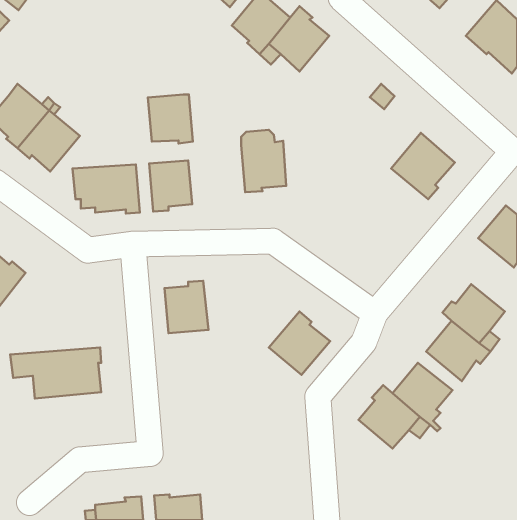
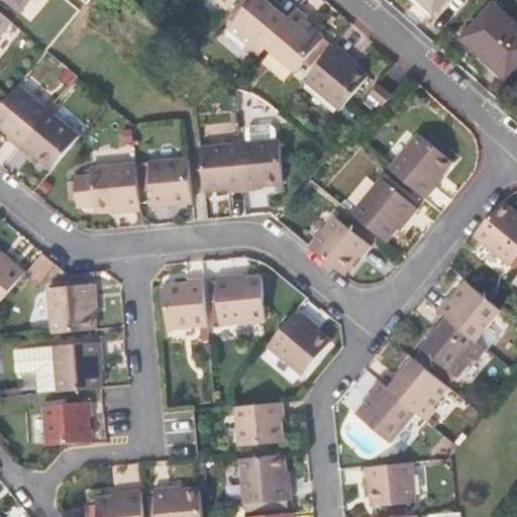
building: none -> [304,41,368,110]
building: [148,94,193,143] -> [198,143,242,192]
building: none -> [349,177,416,239]
building: none -> [305,214,367,272]
building: none -> [215,276,266,324]
building: none -> [46,283,96,332]
building: none -> [233,401,283,445]
building: none -> [40,403,90,447]
building: none -> [238,454,290,506]
building: none -> [361,459,414,503]

